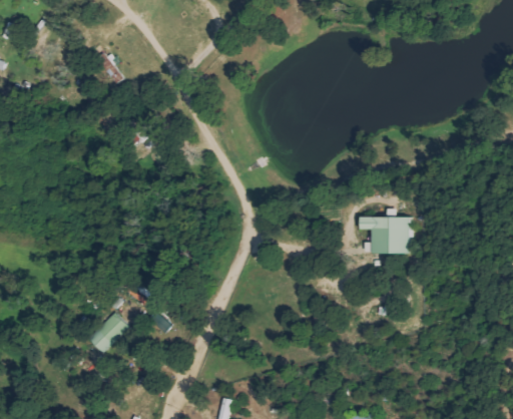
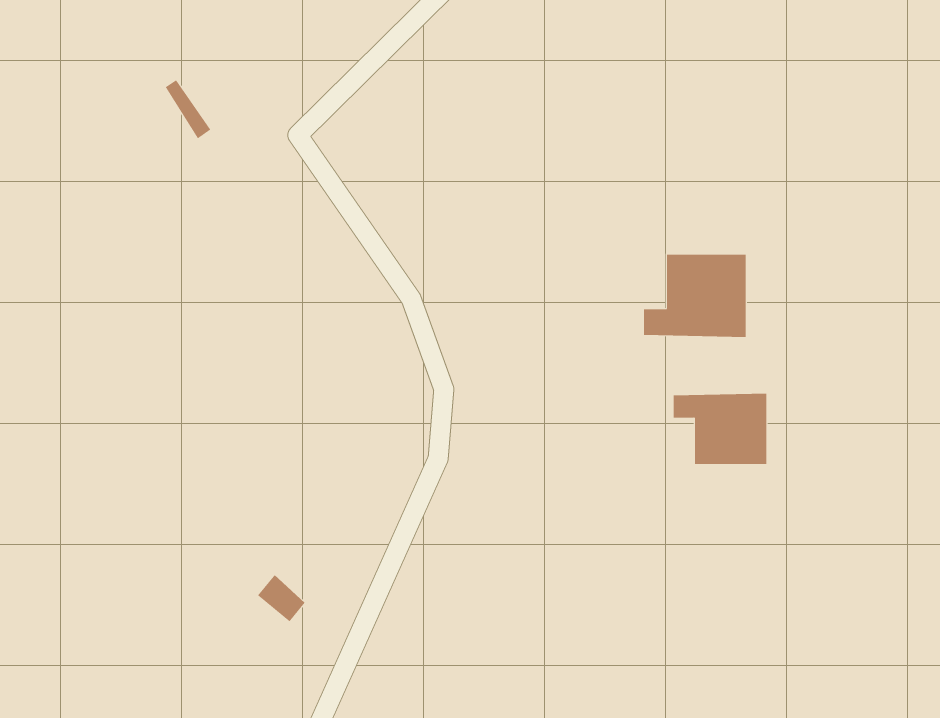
building: none -> [643,254,746,338]
building: [87,312,127,352] -> none

